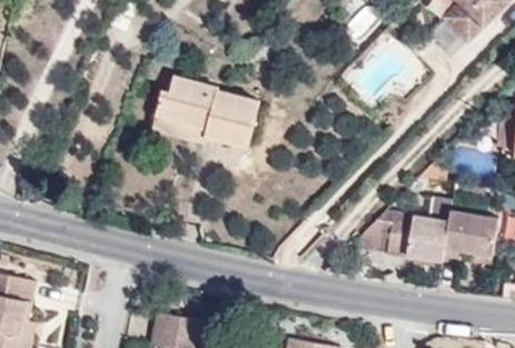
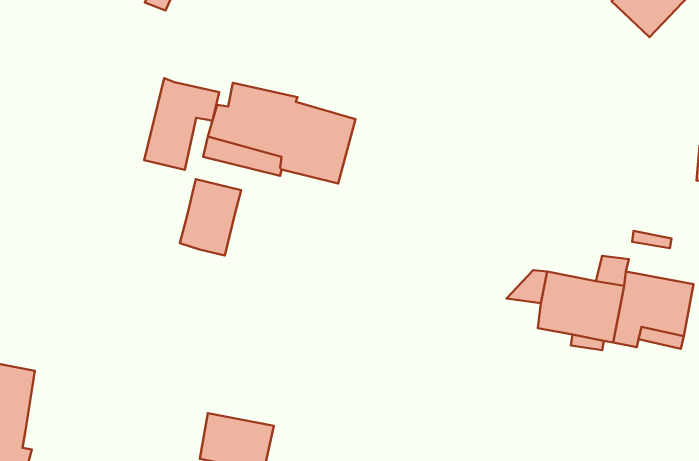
building: none -> [144,78,219,170]
building: none -> [180,179,241,255]

